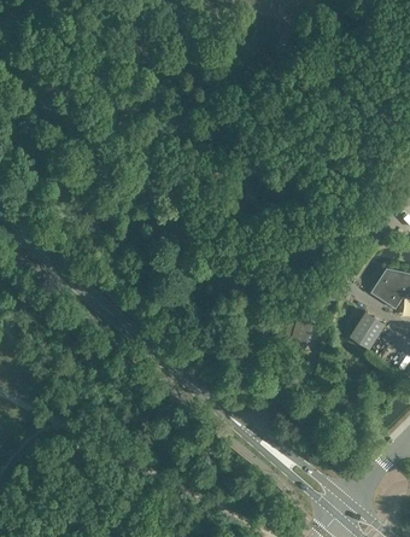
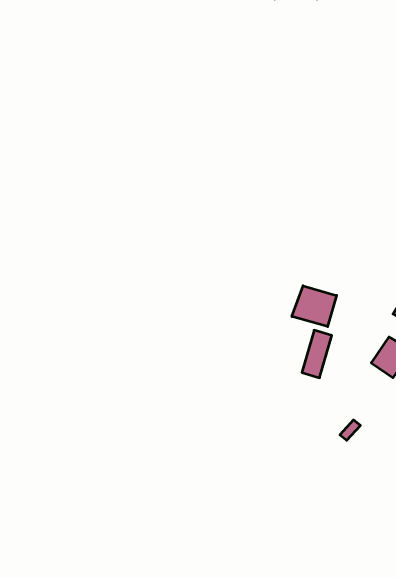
building: none -> [292,286,337,327]

